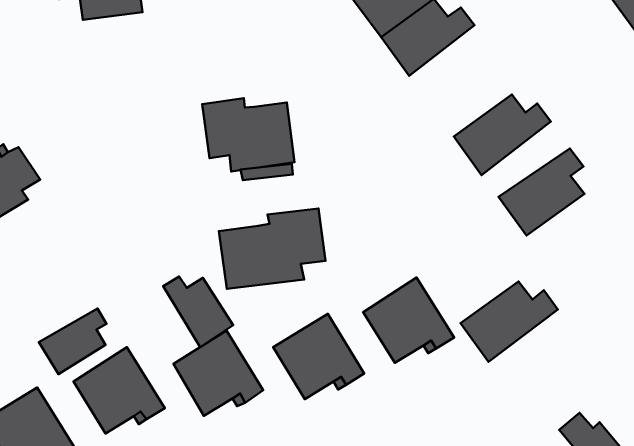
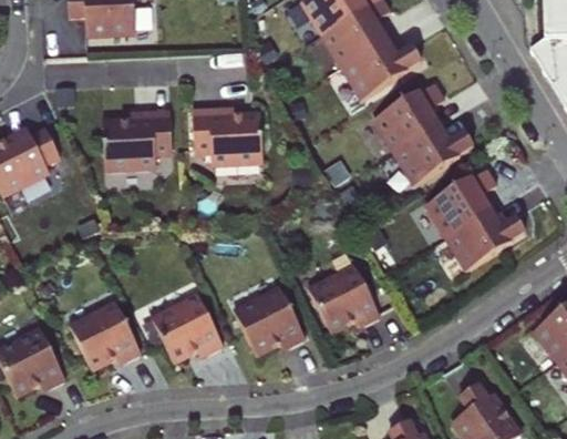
building: none -> [373,84,444,152]
building: none -> [102,110,172,170]
building: [219,208,326,289] -> none
building: [163,276,233,347] -> none
building: [461,281,558,362] -> [445,207,525,270]
building: [39,308,107,374] -> none

